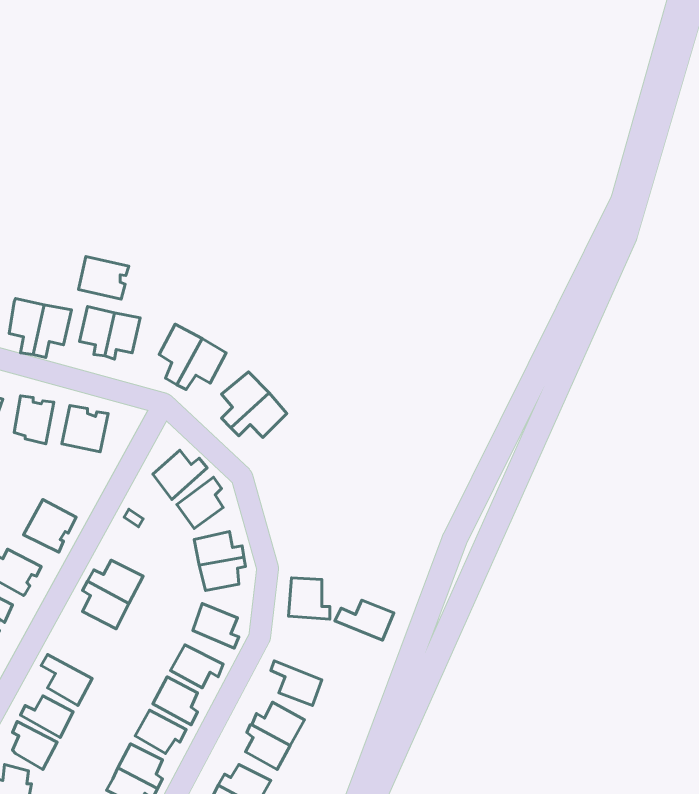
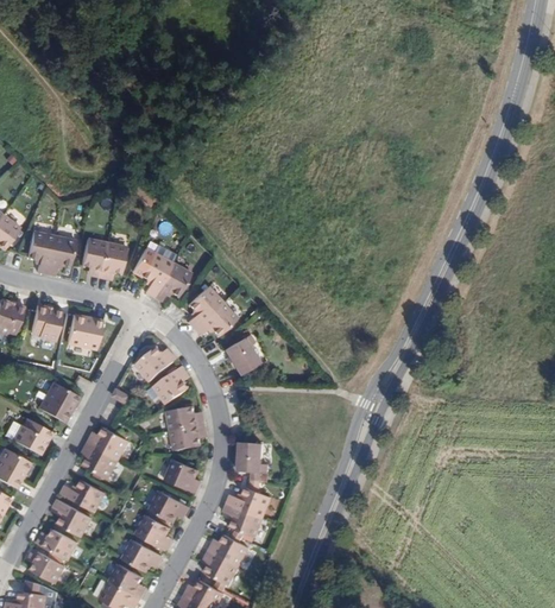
building: [78,256,129,299] -> none
building: none -> [223,334,257,373]
building: [335,600,394,640] -> [225,487,269,517]
building: none -> [58,479,102,511]

